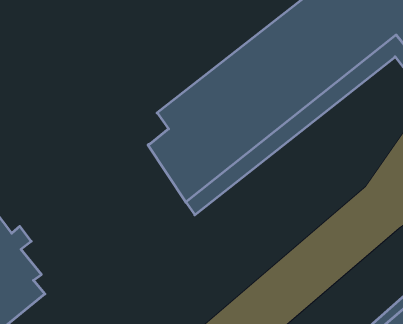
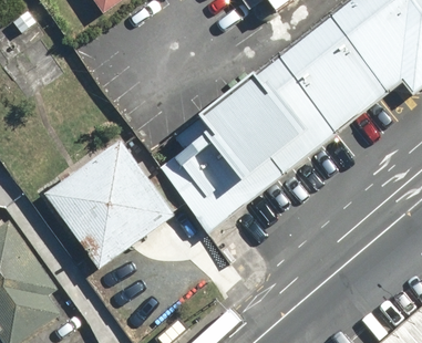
building: none -> [44,139,175,271]

